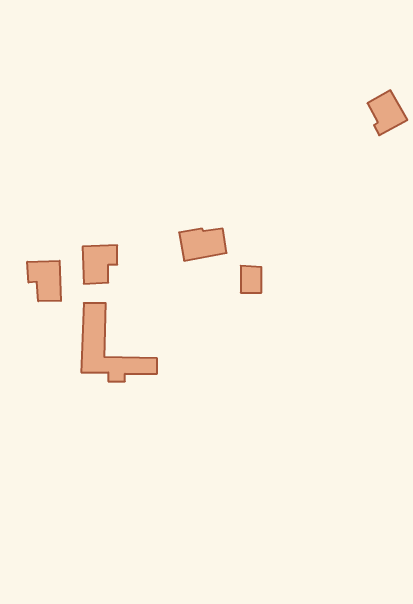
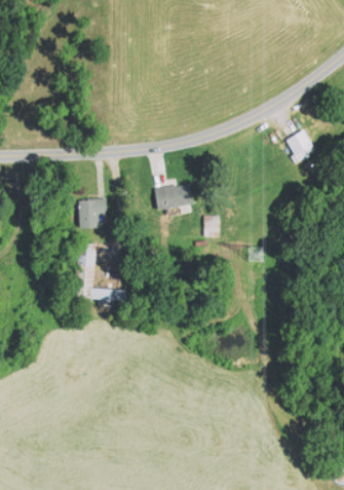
building: [367,90,407,135] -> [285,129,317,165]
building: [27,261,61,301] -> none

